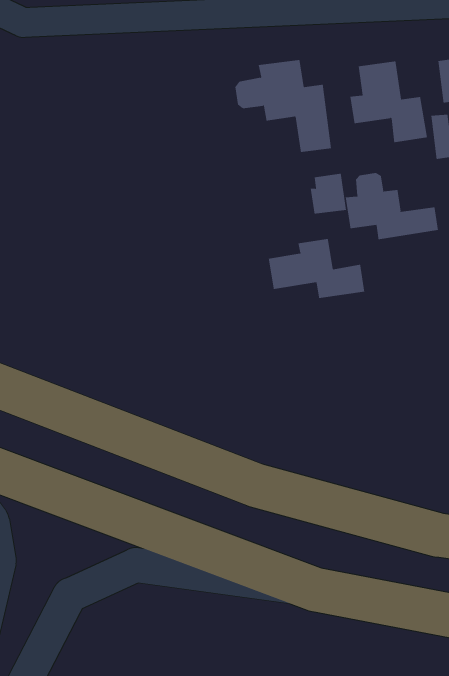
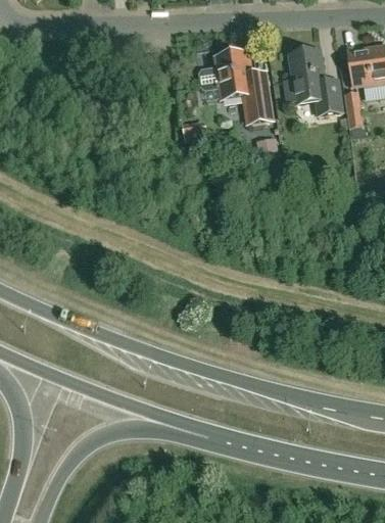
building: [345,172,438,240] -> none
building: [268,238,365,299] -> none

